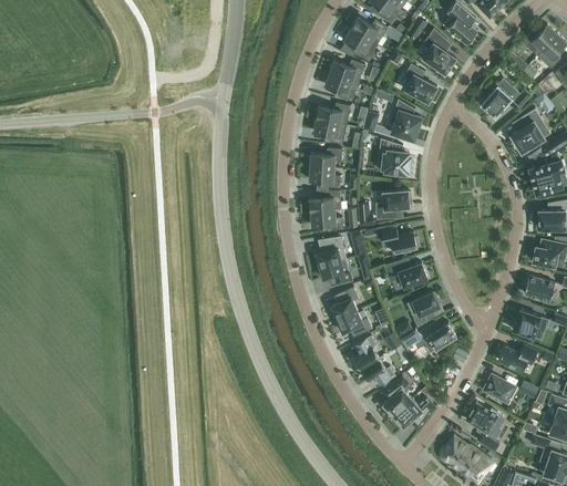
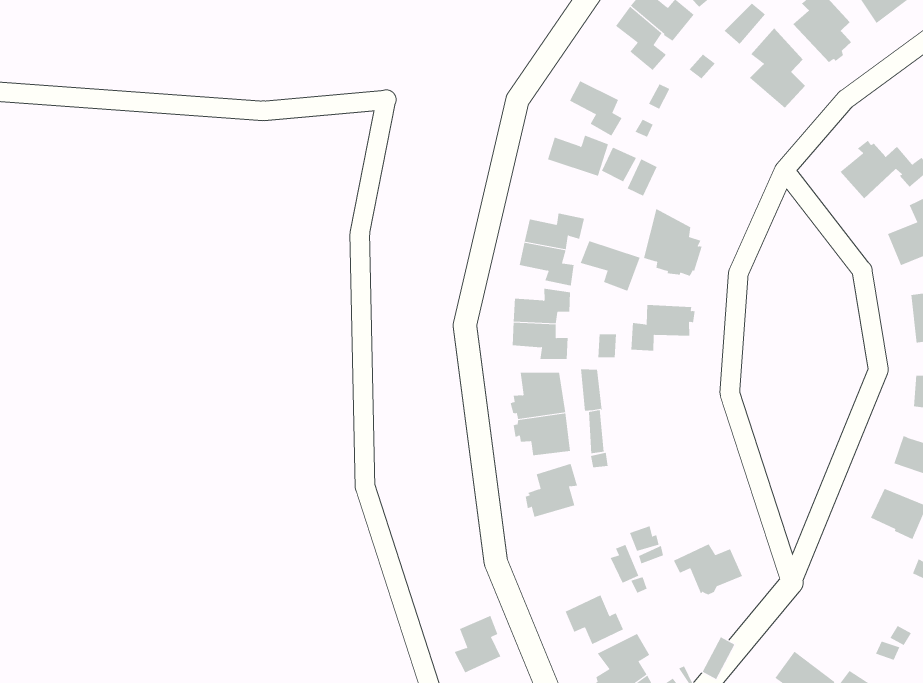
building: [329,60,365,81] -> none
building: [403,63,437,103] -> none
building: [390,100,421,139] -> none
building: [313,120,347,145] -> [580,241,640,292]
building: [381,227,419,254] -> none
building: [384,260,426,288] -> none
building: [406,291,440,328] -> none
building: [337,310,372,338] -> none
building: [513,310,549,339] -> none
building: [353,335,380,370] -> [454,615,501,673]
building: [498,344,538,372] -> none

